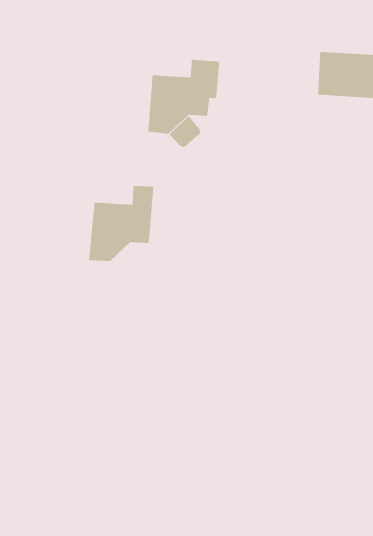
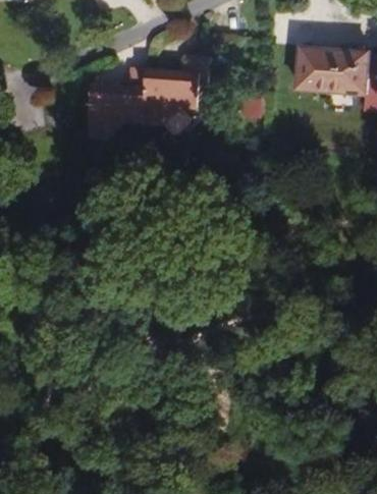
building: [88,185,154,262] -> [87,68,147,138]

